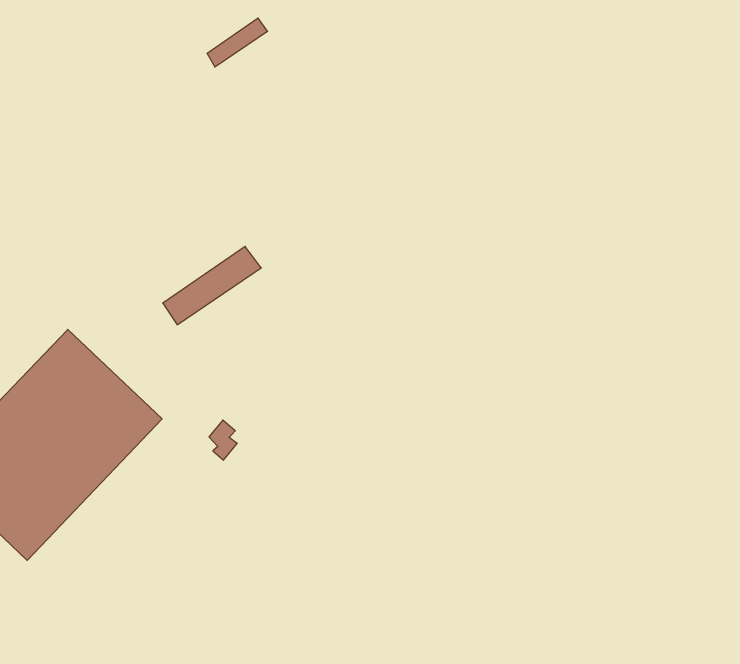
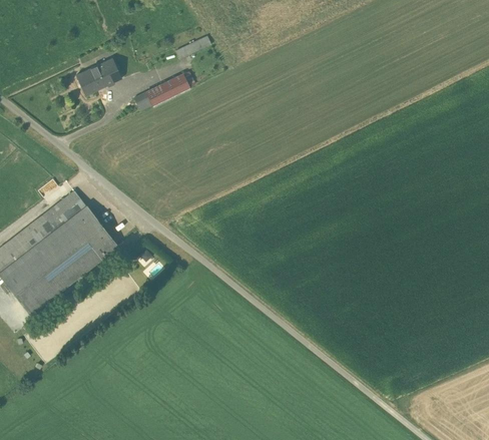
building: none -> [73,58,121,98]
building: [163,246,261,325] -> [133,73,190,110]

